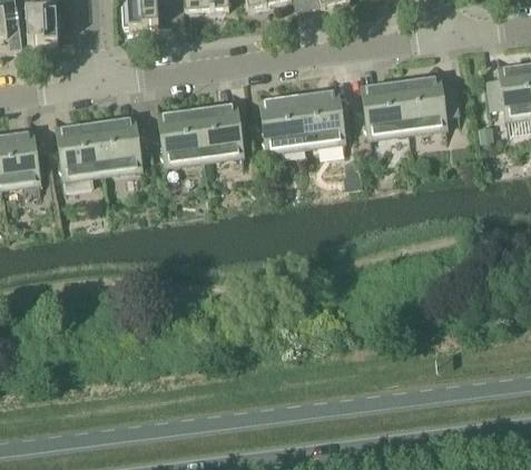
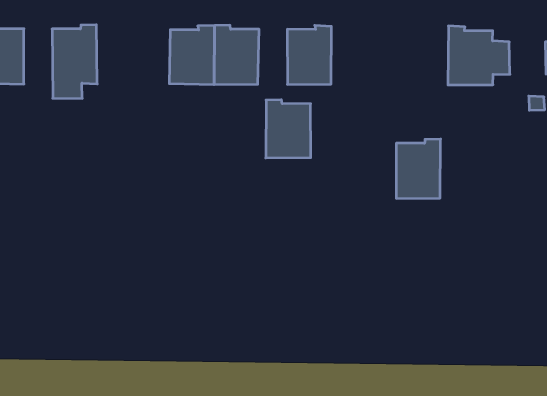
building: [362,79,406,136] -> [396,139,441,198]
building: [298,91,344,144] -> [266,100,311,158]
building: [95,119,140,172] -> none

